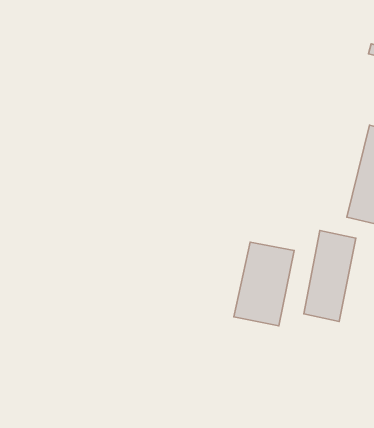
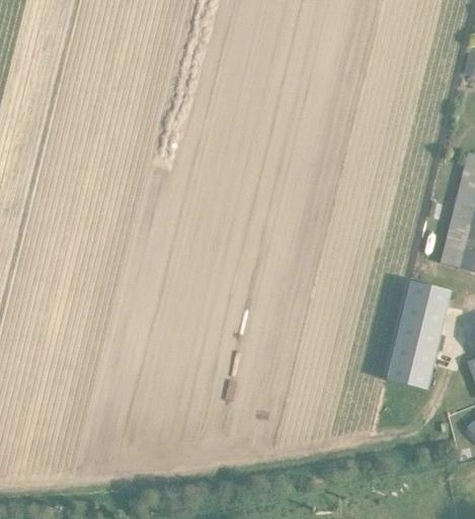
building: [234,242,294,326] -> none

